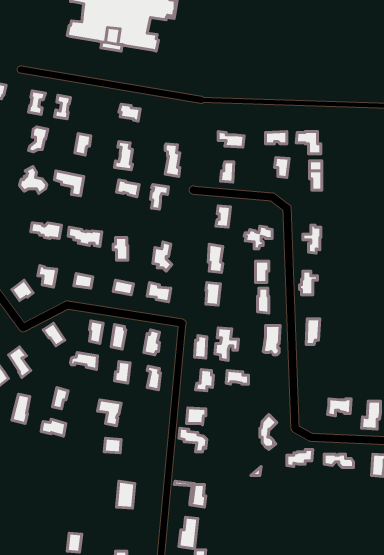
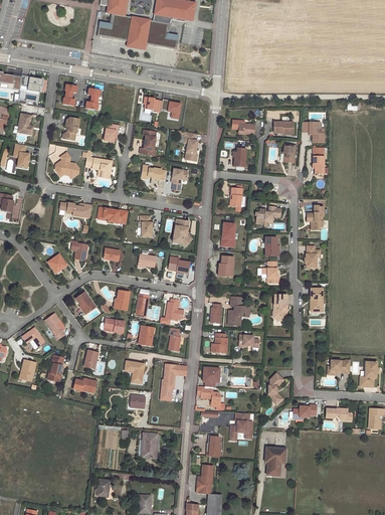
building: none -> [160,363,186,395]
building: none -> [230,412,252,439]
building: none -> [265,447,285,475]

